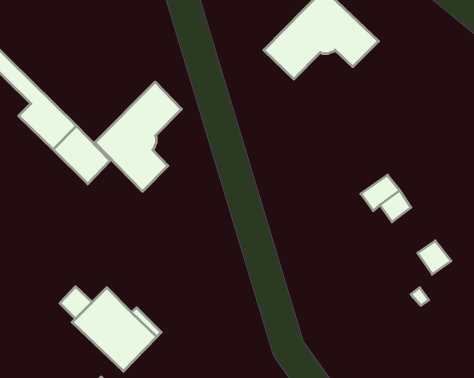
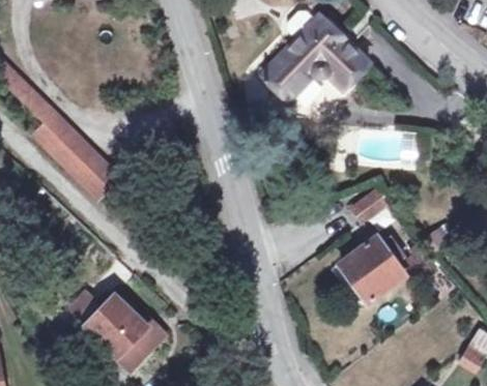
building: [95,82,182,191] -> none
building: none -> [340,237,405,302]

